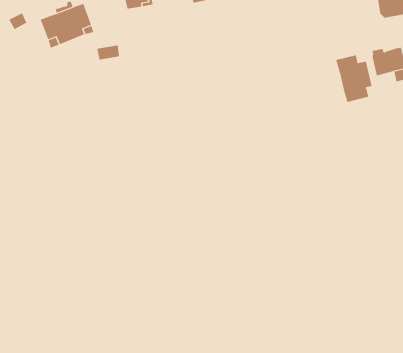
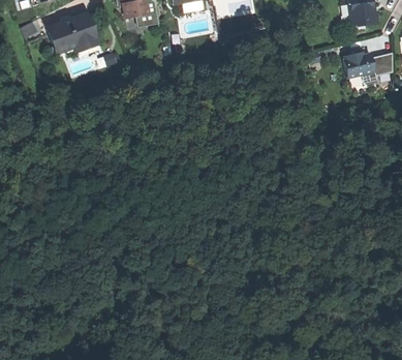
building: [336,54,372,103] -> none

